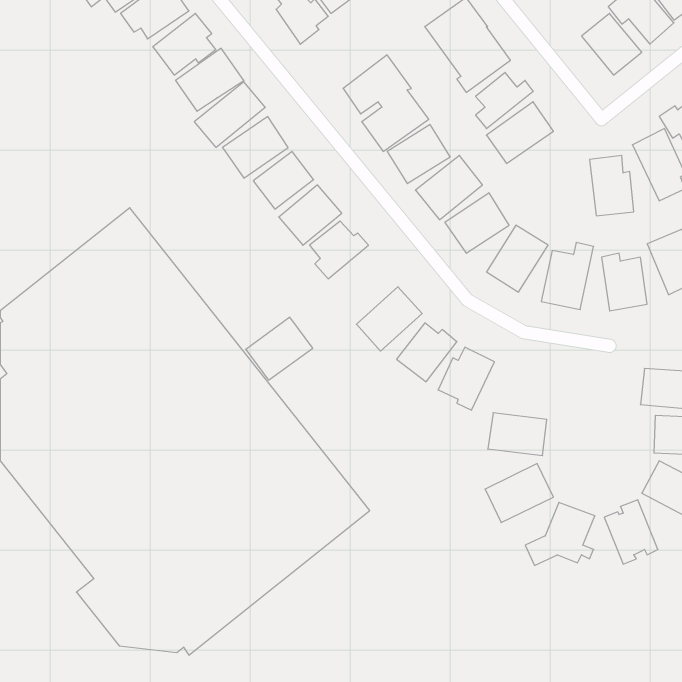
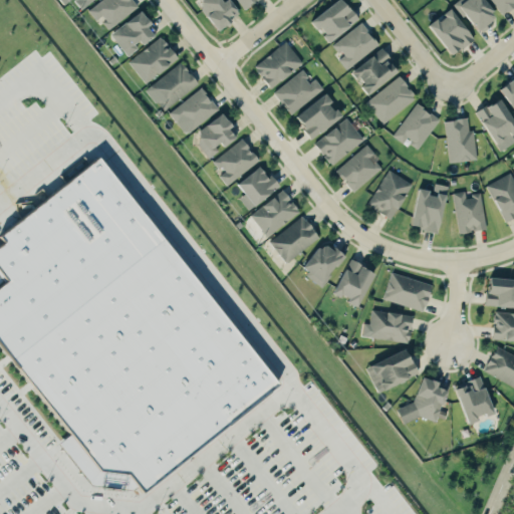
building: none -> [393,101,440,149]
building: [246,317,313,380] -> [249,189,299,236]
building: none -> [382,271,432,311]

